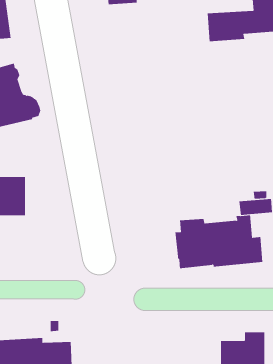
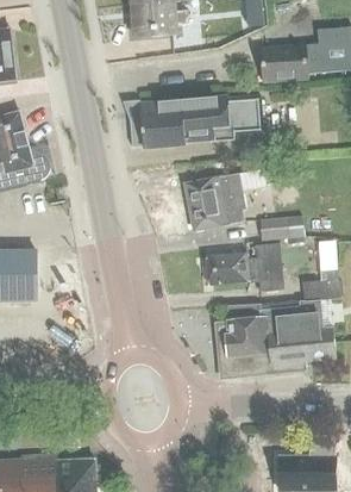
building: none -> [140,94,263,145]
building: none -> [184,174,245,230]
building: none -> [257,217,302,239]
building: none -> [203,243,281,288]

